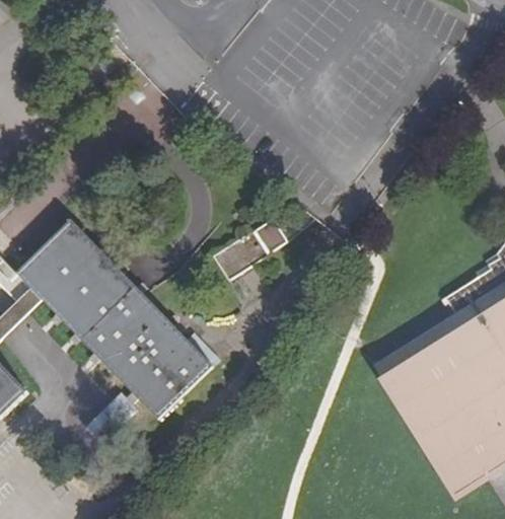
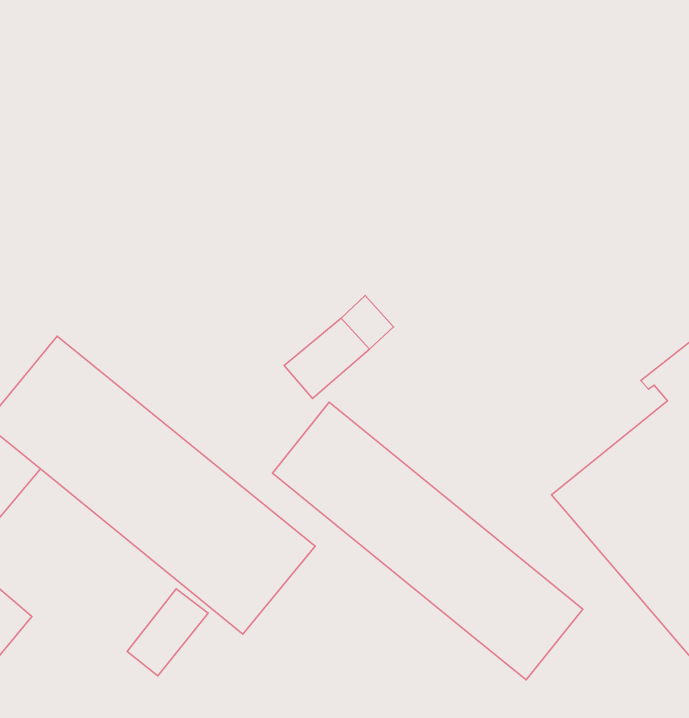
building: none -> [272,402,583,680]

